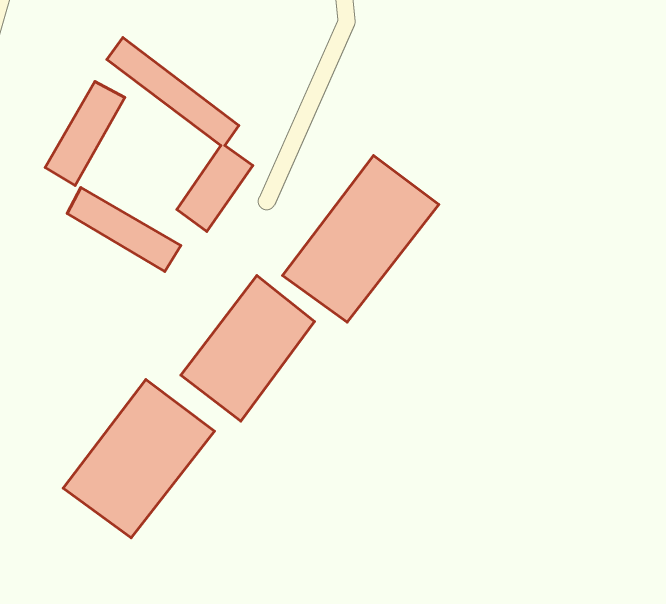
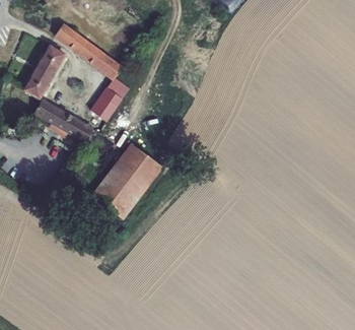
building: [282,156,439,322] -> none
building: [63,379,215,538] -> none

